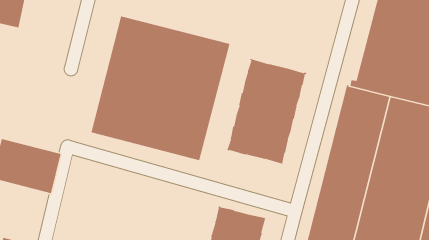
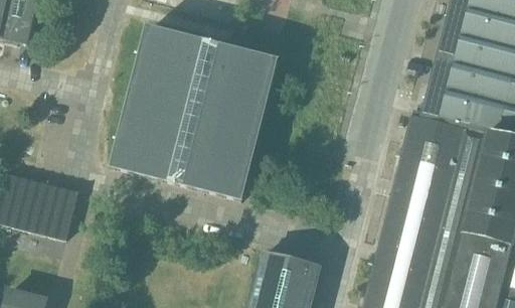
building: [226,58,307,165] -> none

